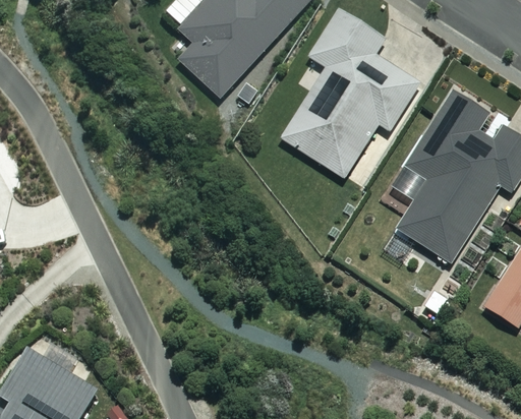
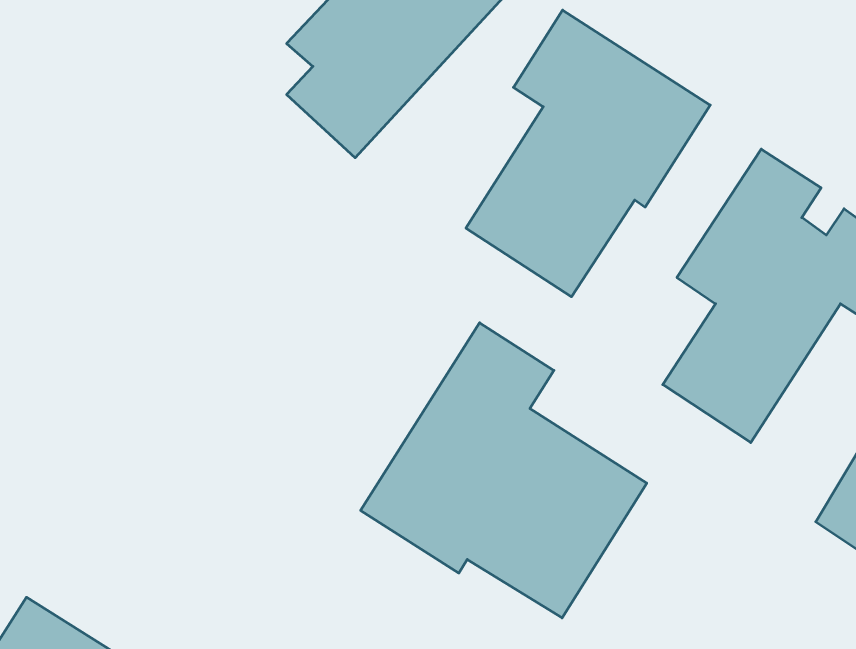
building: none -> [361,323,647,618]

